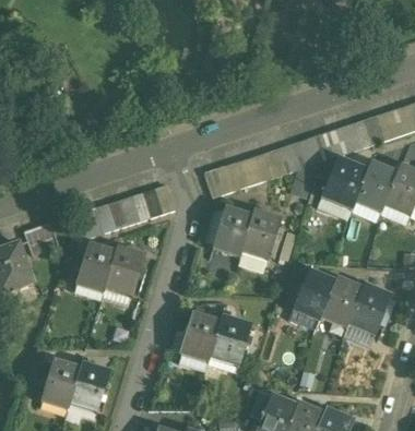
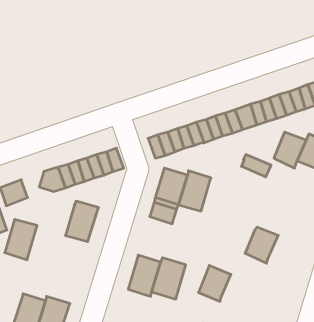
building: [323,158,367,204] -> none
building: [75,244,115,294] -> [5,219,37,260]
building: [295,272,334,315] -> [198,265,231,301]
building: [349,285,390,330] -> none

